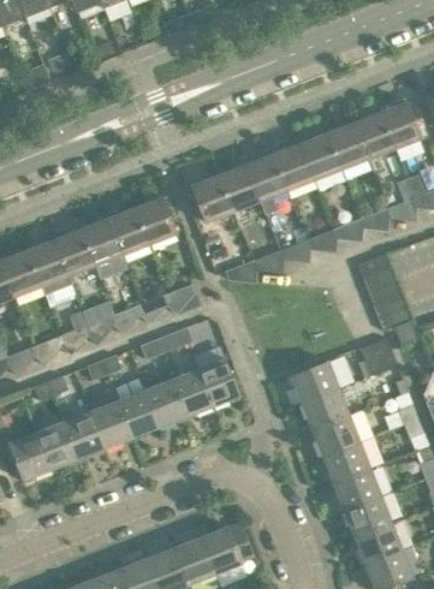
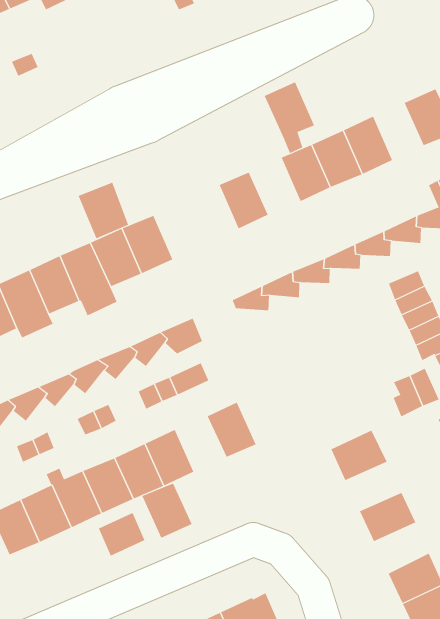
building: [353,112,394,160] -> none
building: [245,153,287,214] -> [264,81,315,154]
building: none -> [78,182,129,239]
building: [191,173,233,222] -> none
building: [291,361,338,403] -> none
building: [171,369,213,416] -> [142,483,193,539]
building: [313,416,361,457] -> none
building: none -> [98,512,145,556]
building: [334,469,381,511] -> none

